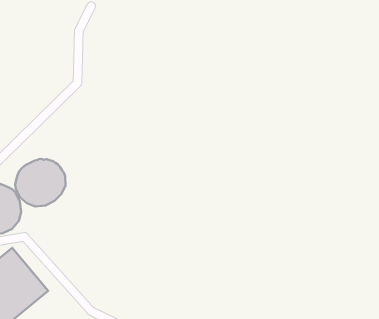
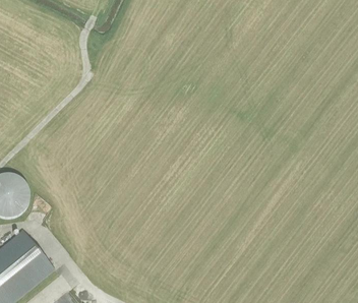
building: [15,159,65,206] -> none

